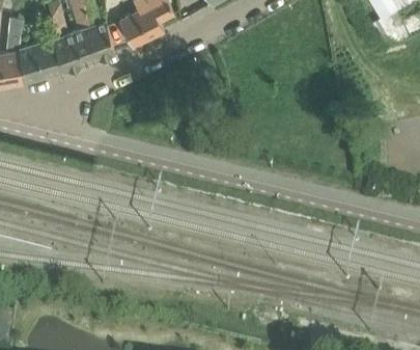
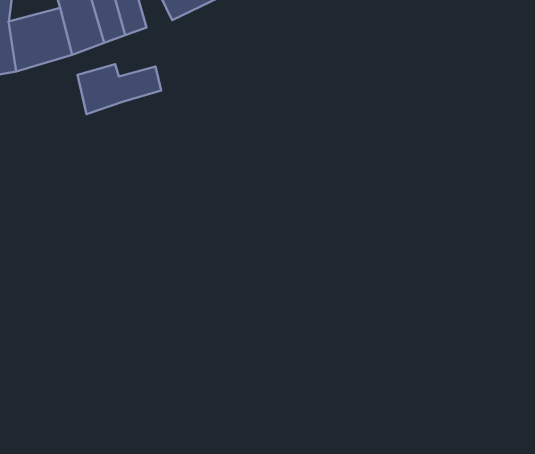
building: none -> [78,64,161,114]

